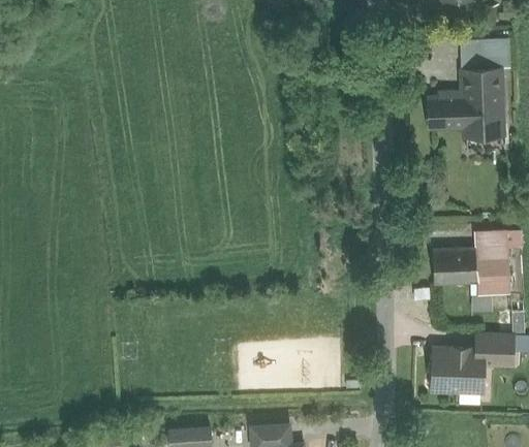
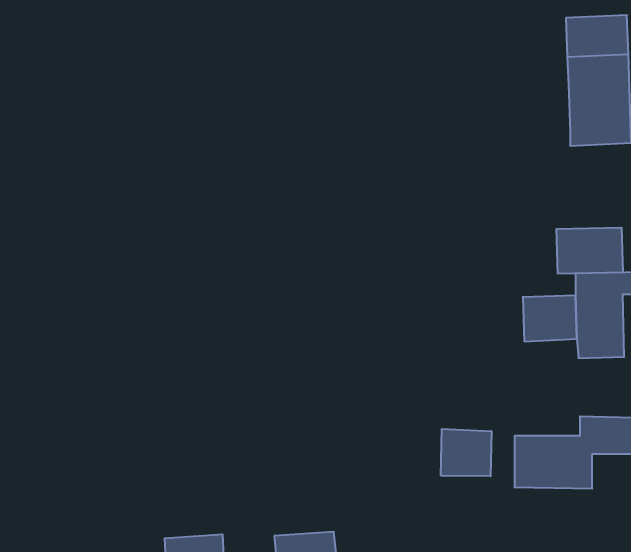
building: [426,91,467,128] -> none
building: none -> [557,228,623,274]
building: none -> [441,429,491,476]

